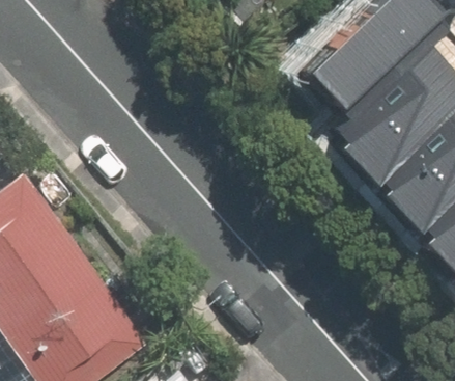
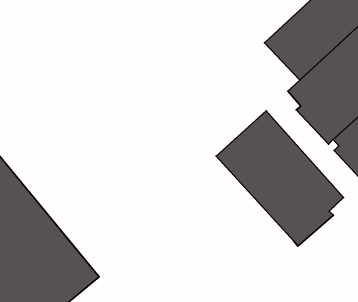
building: none -> [216,111,344,246]

